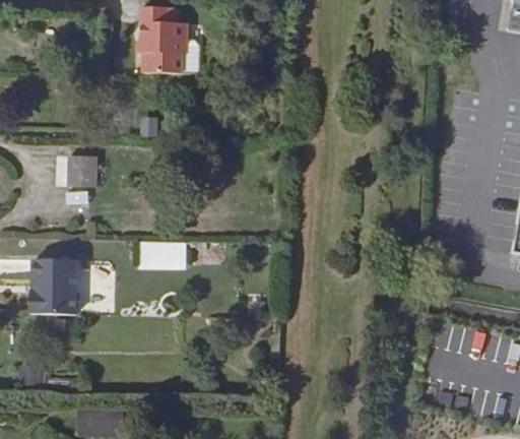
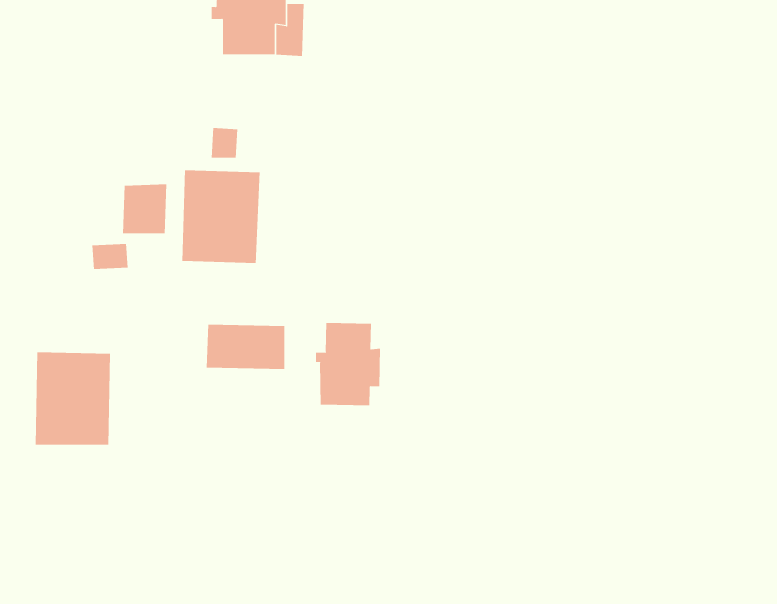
building: none -> [182,169,260,264]
building: none -> [315,322,381,406]

